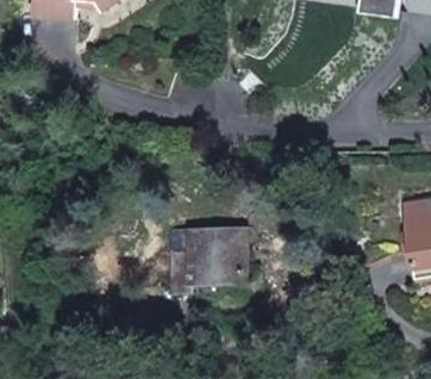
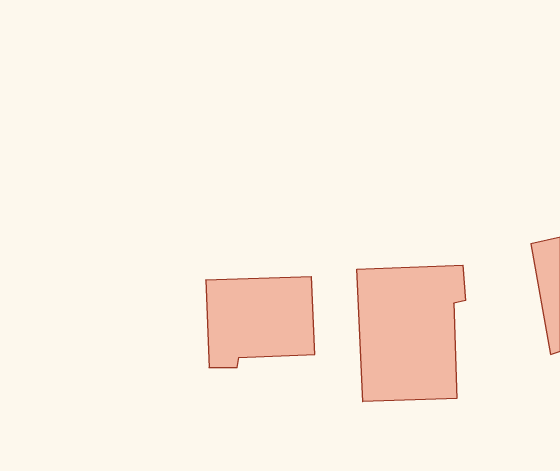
building: none -> [357,265,466,402]

